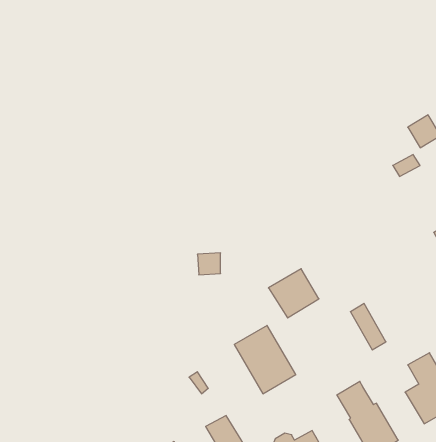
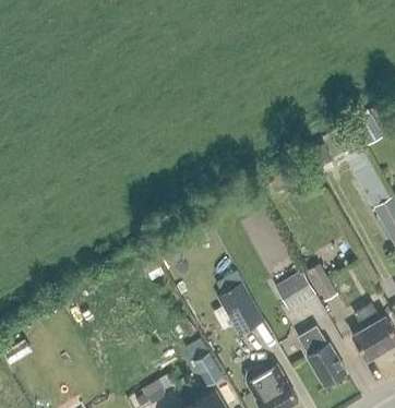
building: [268,269,319,318] -> [275,271,315,310]

